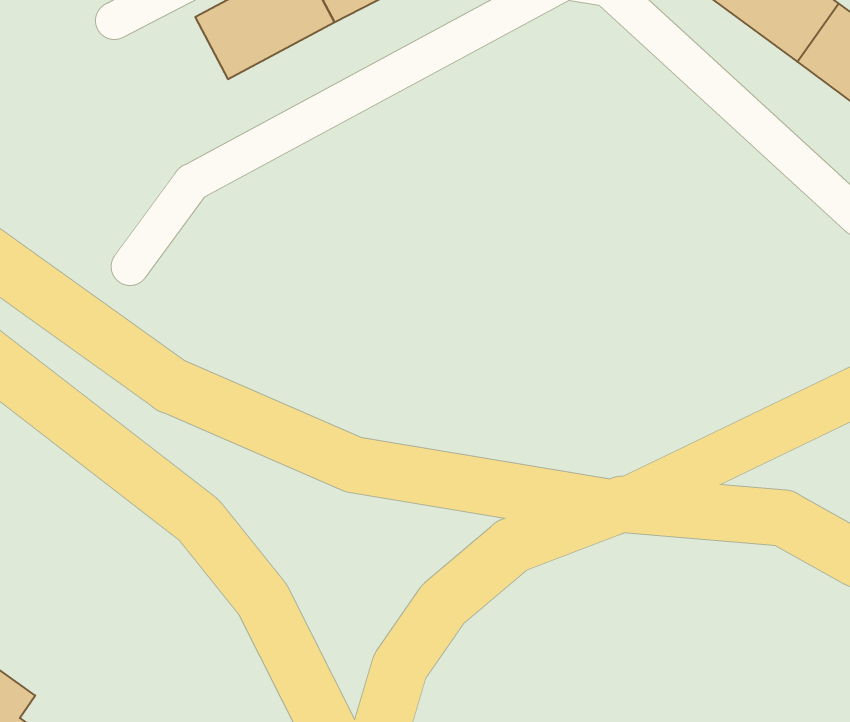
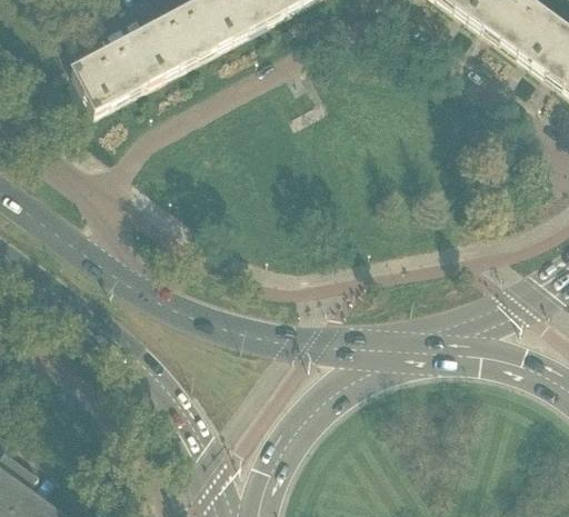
building: none -> [68,31,159,108]

